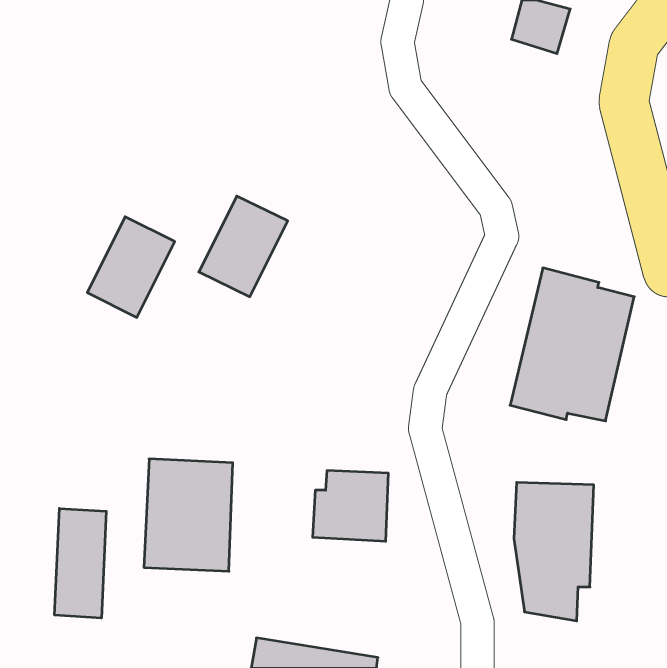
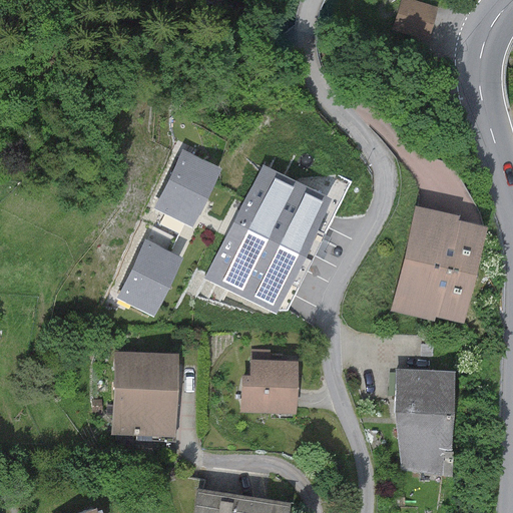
building: none -> [206,164,333,312]
building: [87,217,175,317] -> [116,240,183,318]
building: [55,508,106,618] -> none

